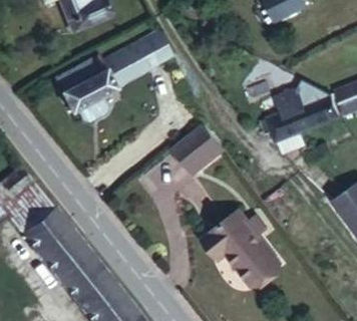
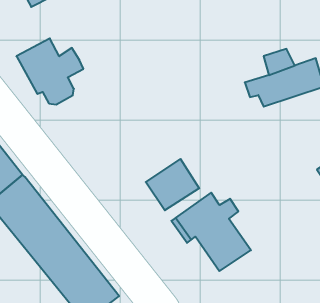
building: [98,37,164,85] -> none
building: [170,123,222,173] -> [146,159,199,210]

